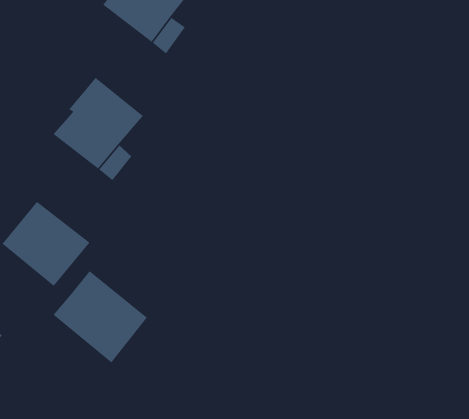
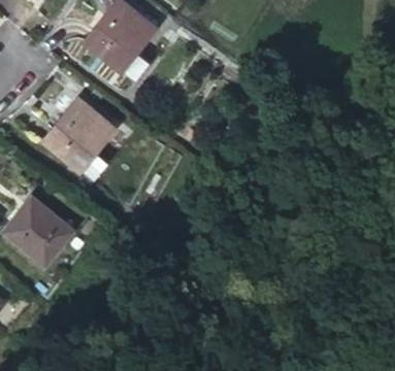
building: [53,270,148,363] -> none

